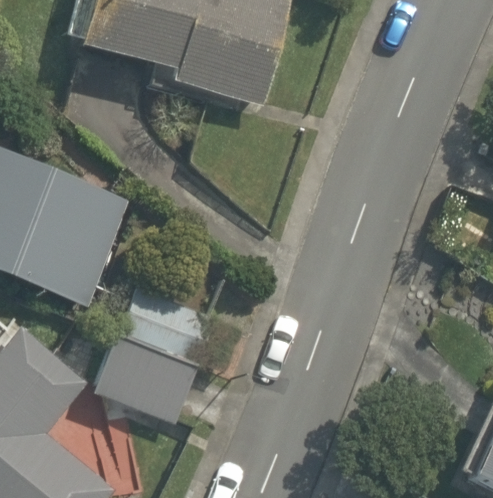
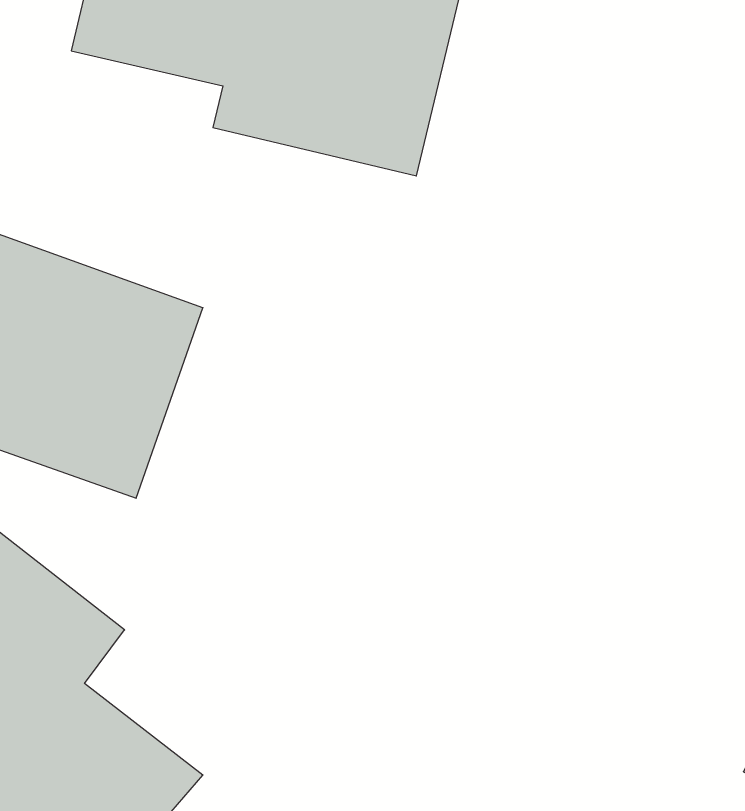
building: [94,281,213,414] -> none

